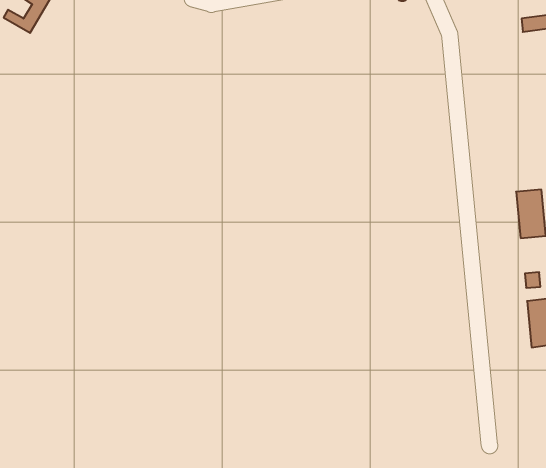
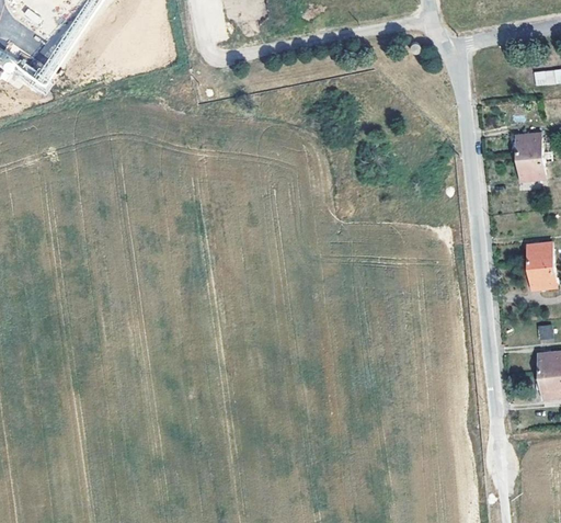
building: none -> [515,133,545,180]

